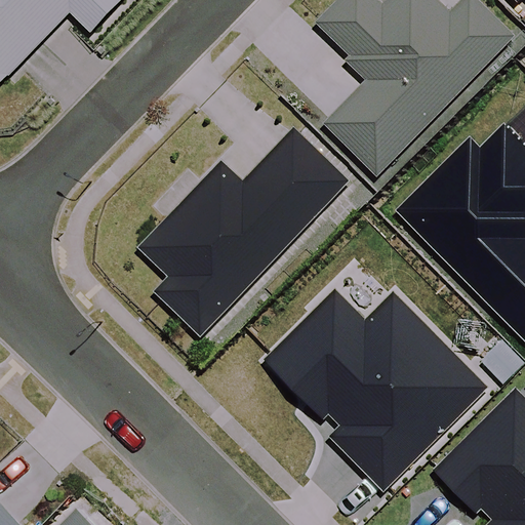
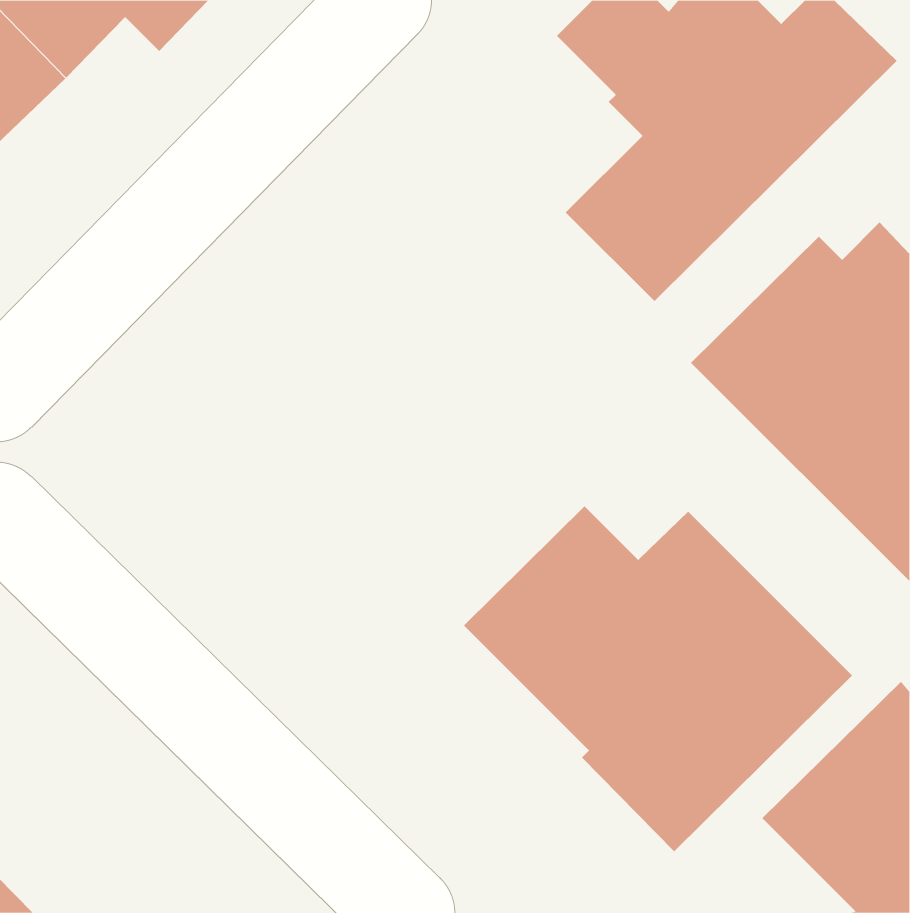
building: [143,127,350,334] -> none

